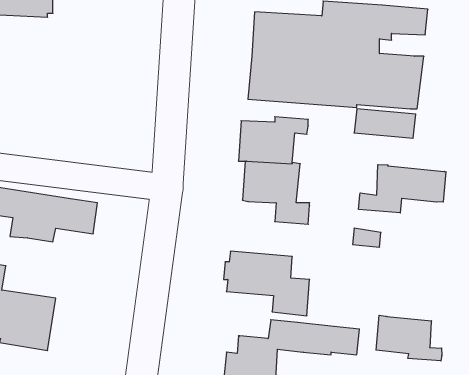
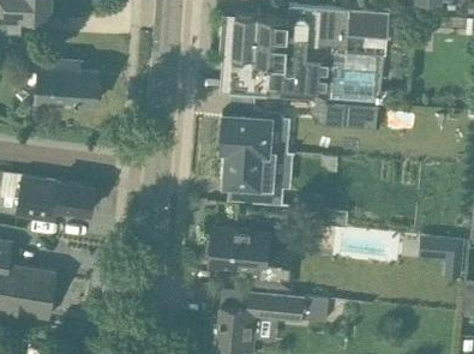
building: none -> [35,60,98,106]
building: [359,165,446,213] -> none
building: [376,315,442,361] -> none

